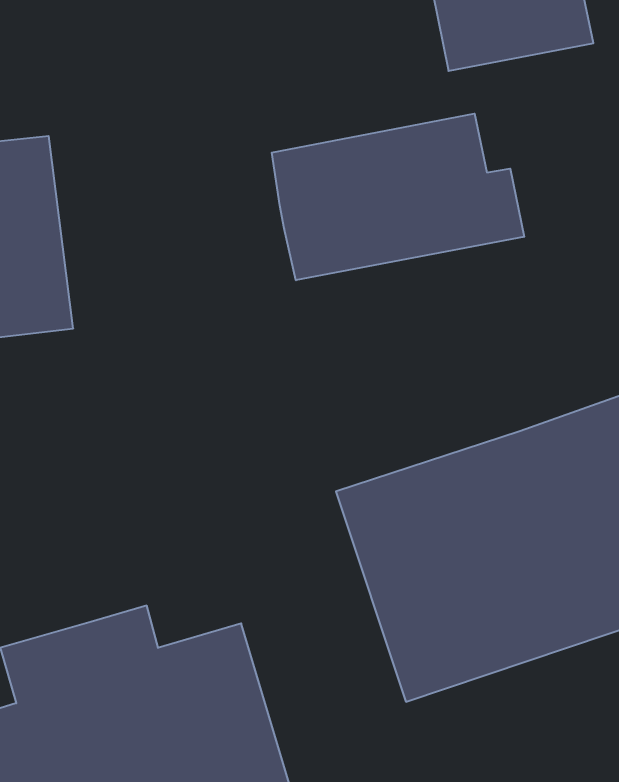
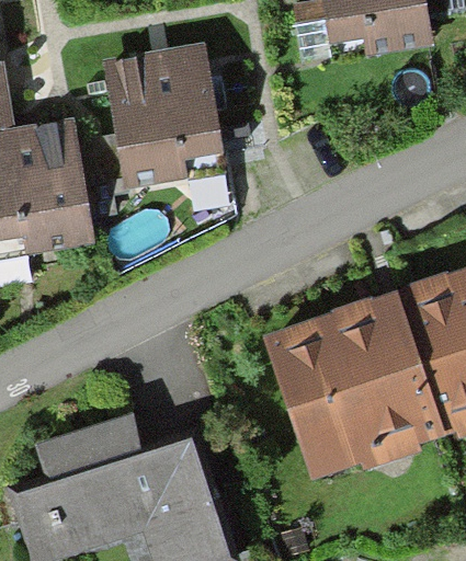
building: none -> [103,45,225,188]
building: [272,114,524,280] -> none

